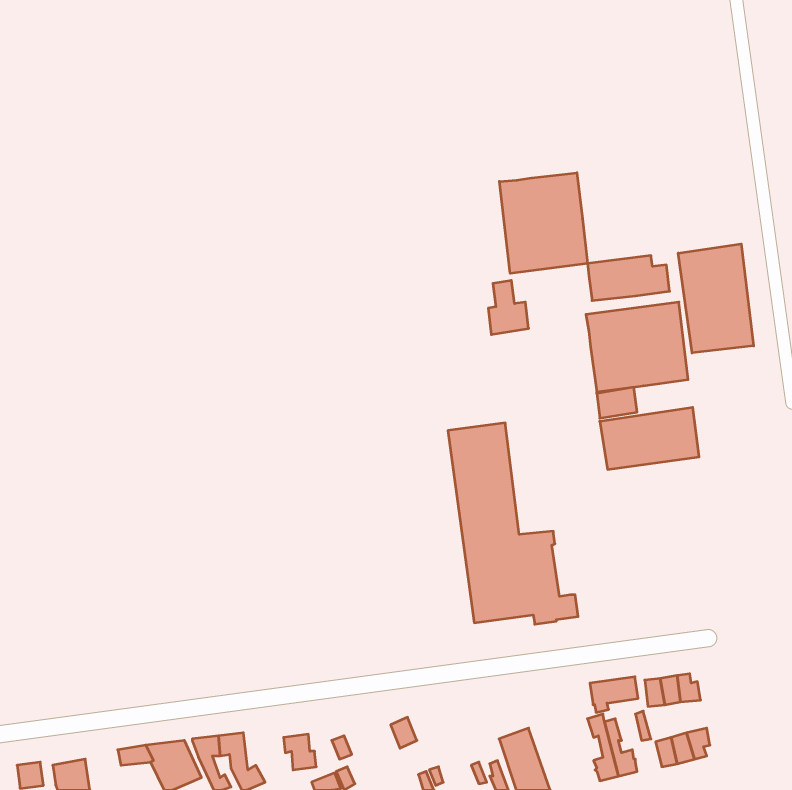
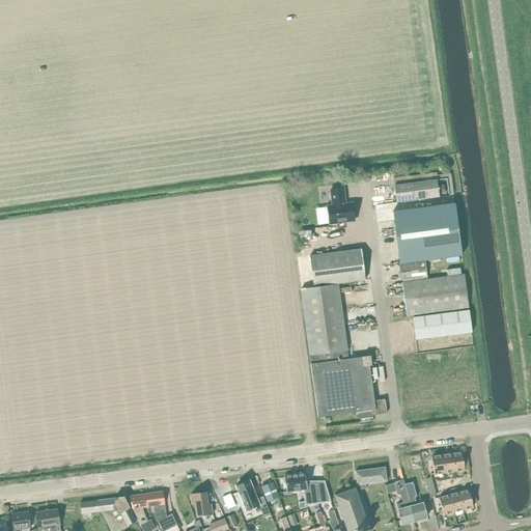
building: [499,173,587,273] -> none
building: [678,244,754,353] -> none
building: none -> [309,248,365,286]
building: none -> [413,309,472,338]
building: [590,677,638,712] -> [354,466,386,490]
building: none -> [284,472,331,504]
building: none -> [235,479,270,514]

